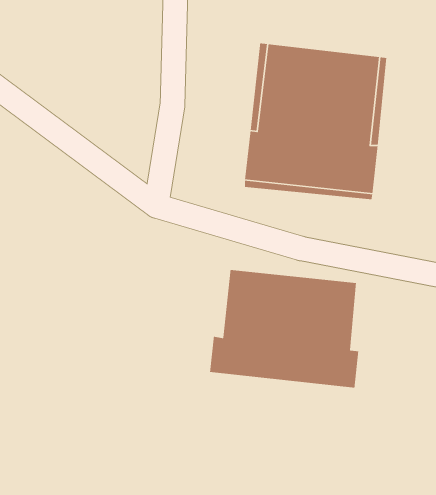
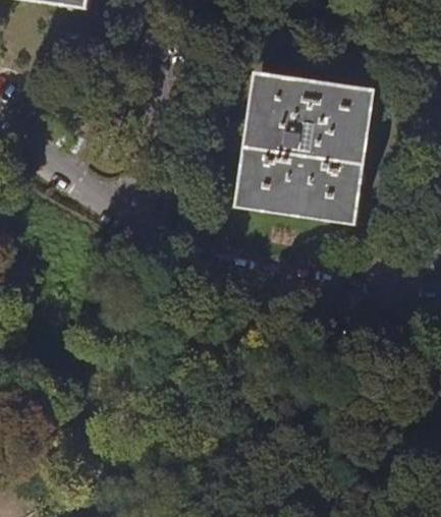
building: [209,269,359,389] -> none

